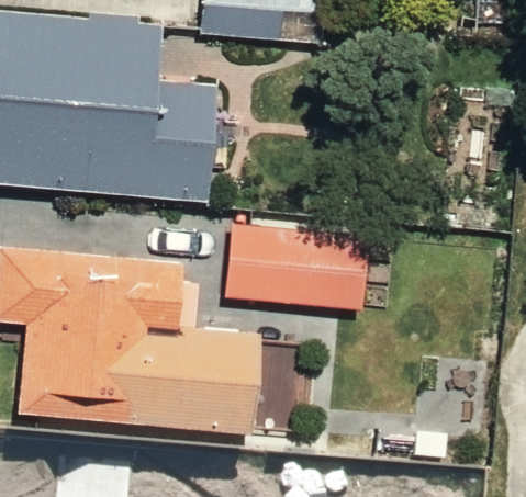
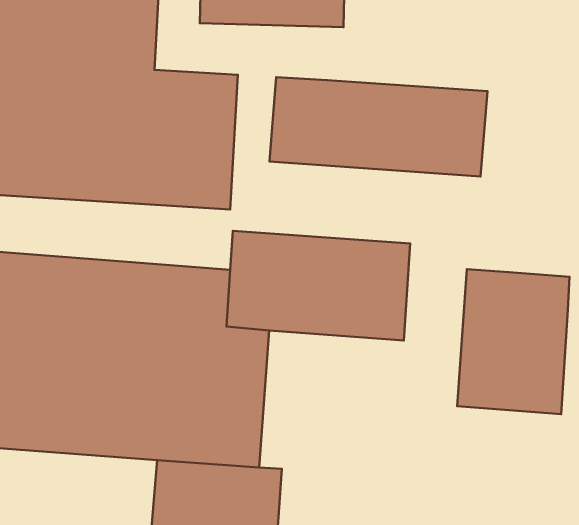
building: none -> [270,77,487,176]
building: none -> [457,269,569,414]

